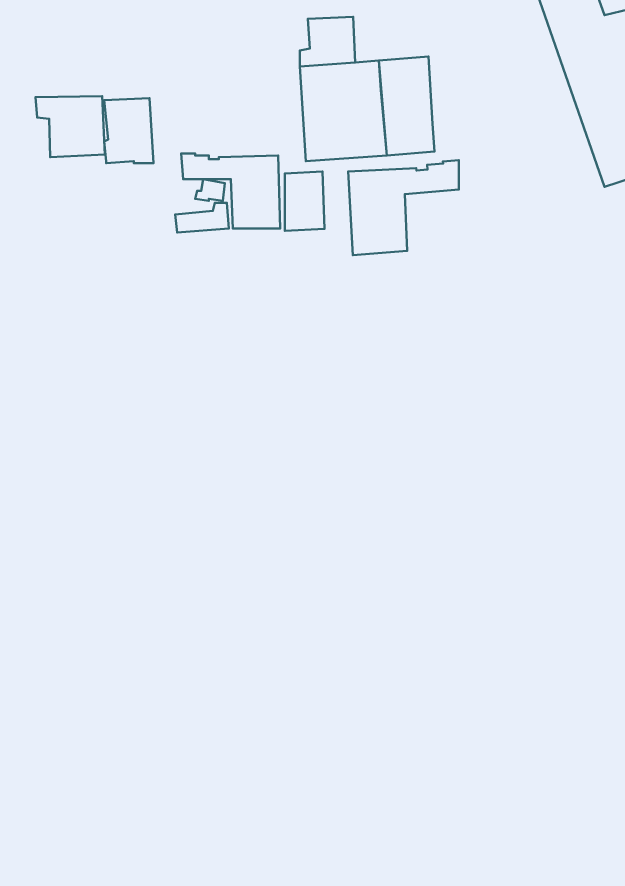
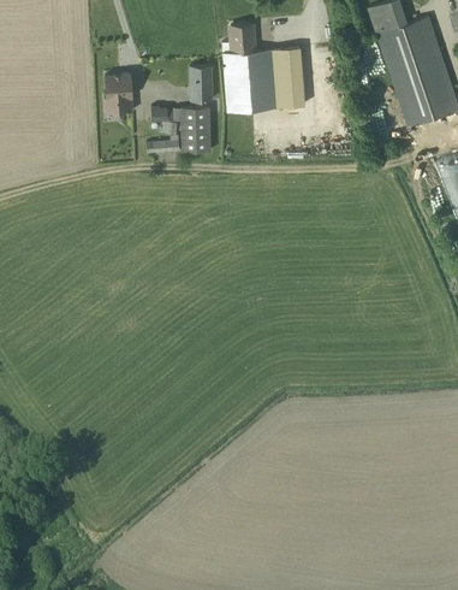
building: [35,96,105,157] -> none
building: [348,160,459,255] -> none
building: [285,172,324,231] -> [189,65,213,101]

